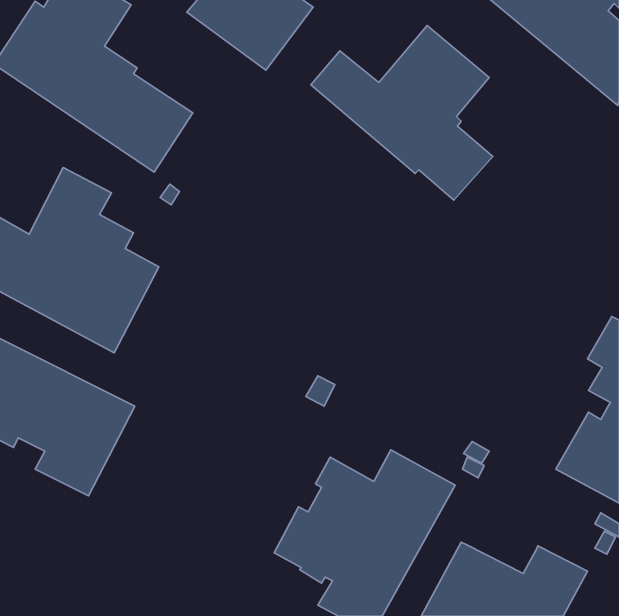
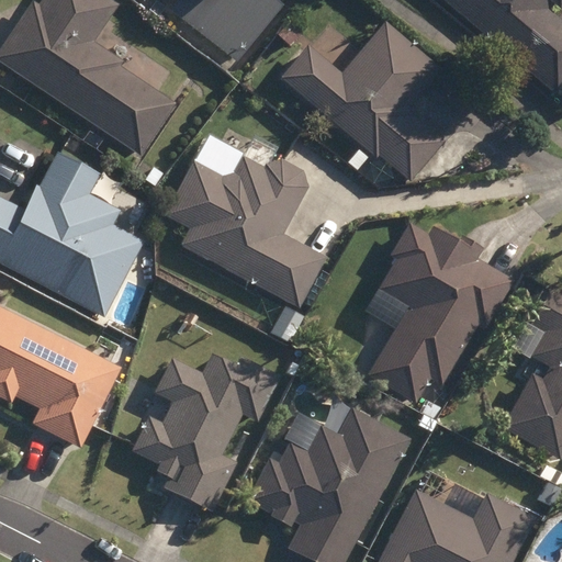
building: none -> [166,157,321,305]
building: none -> [368,223,515,404]
building: none -> [133,352,276,508]

